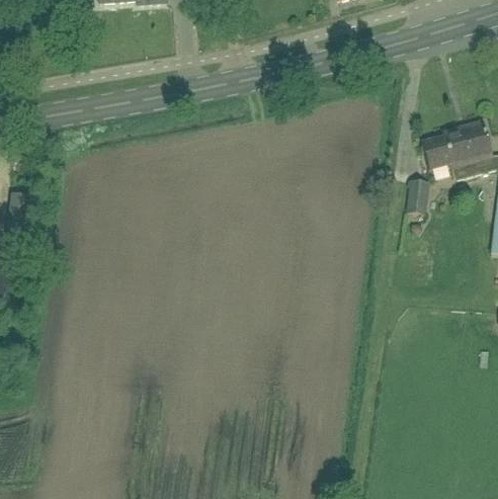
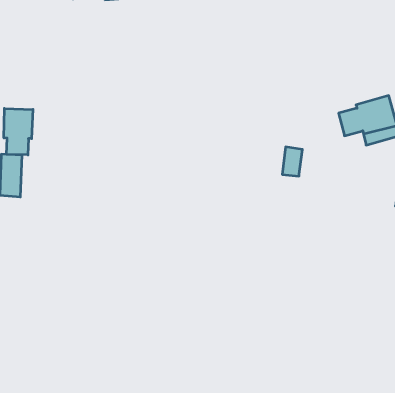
building: none -> [4,108,33,155]
building: [405,178,429,214] -> [282,147,302,176]

